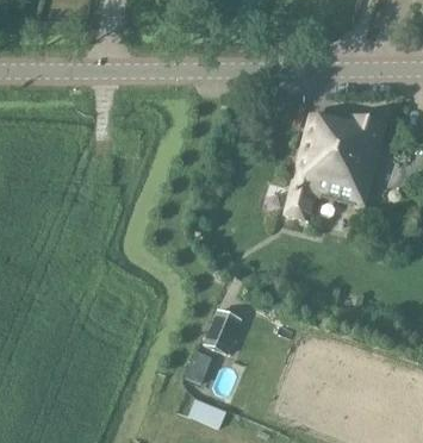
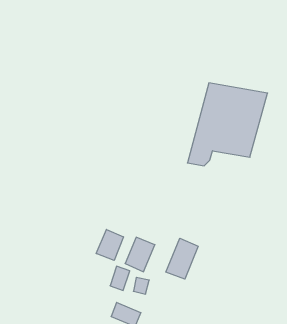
building: none -> [96,229,123,260]
building: none -> [166,238,198,279]

